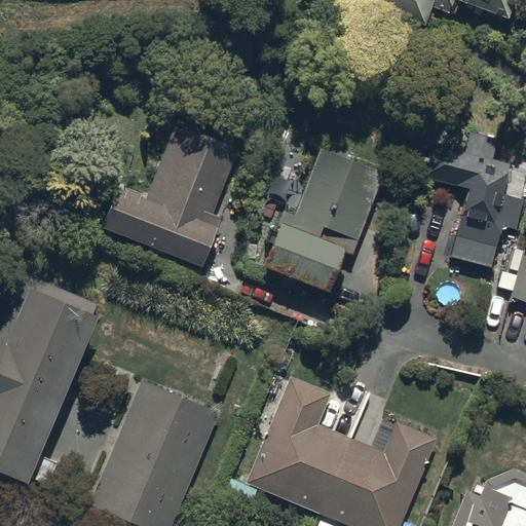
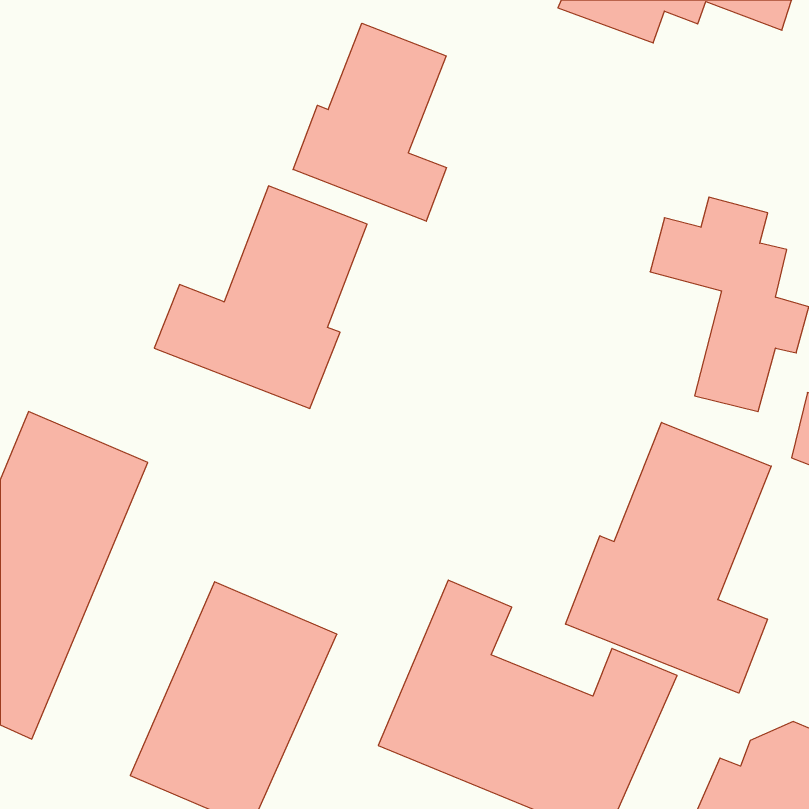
building: none -> [293,23,446,221]
building: [263,147,385,291] -> none
building: none -> [566,422,771,693]

